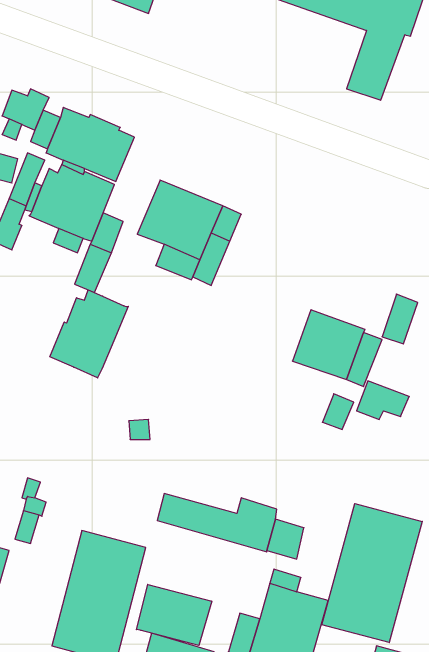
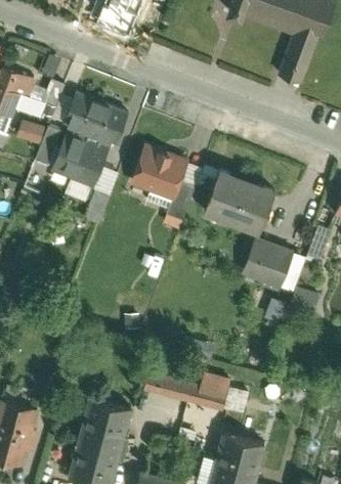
building: none -> [203,168,278,234]
building: [50,290,128,378] -> none
building: [322,504,422,643] -> none
building: [136,584,212,645] -> none

